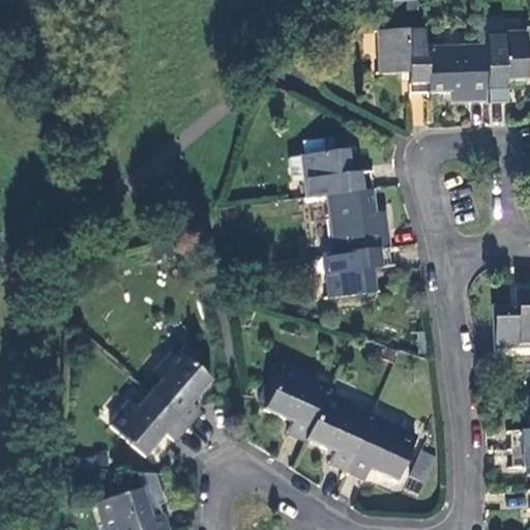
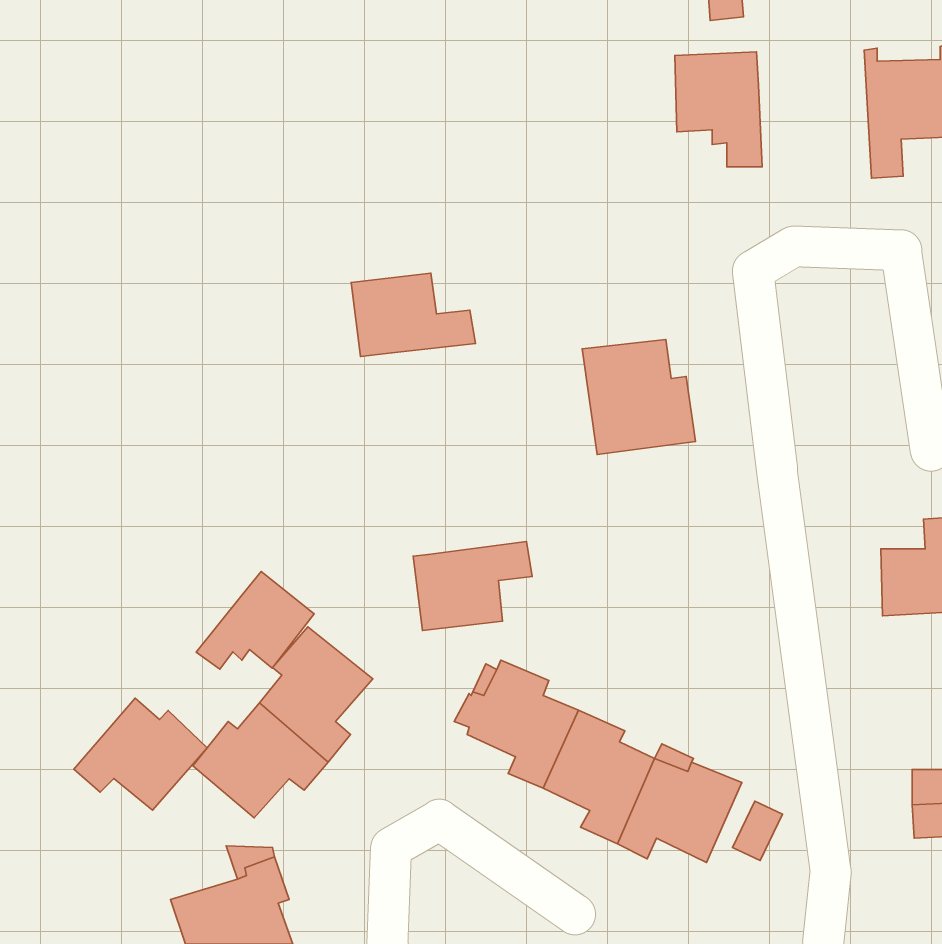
building: [426,45,490,101] -> none
building: [305,150,375,197] -> [351,273,475,357]
building: [328,246,394,296] -> [413,541,532,630]
building: none -> [196,571,314,669]
building: none -> [74,698,207,810]

